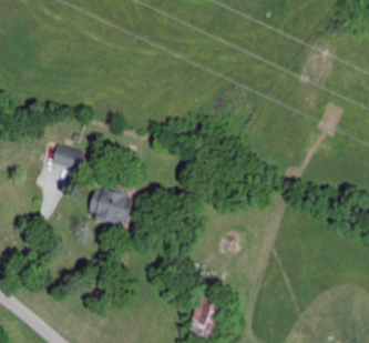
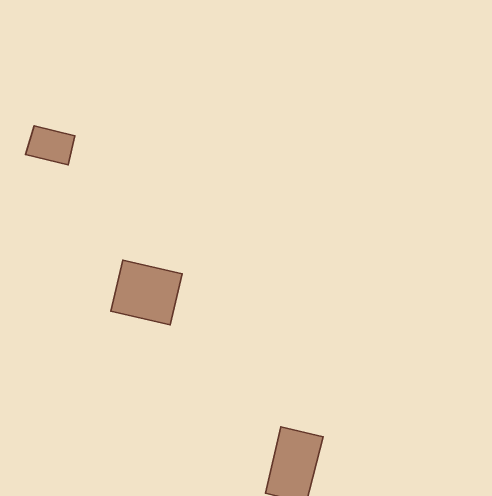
building: [51,143,83,169] -> [26,126,75,165]

